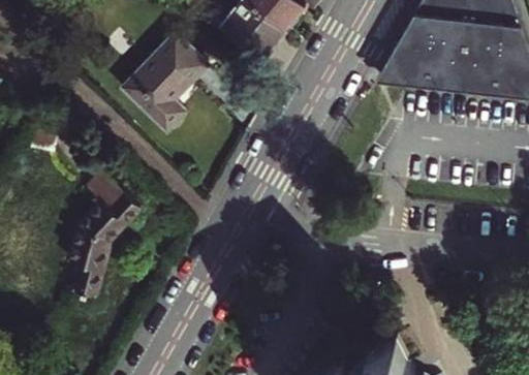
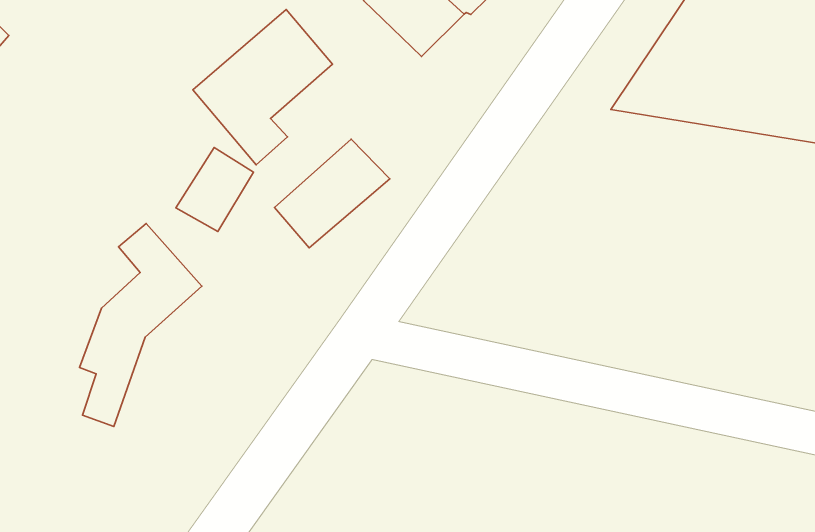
building: none -> [275,139,390,248]
building: none -> [176,147,253,231]

